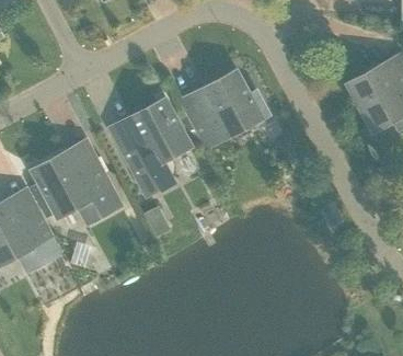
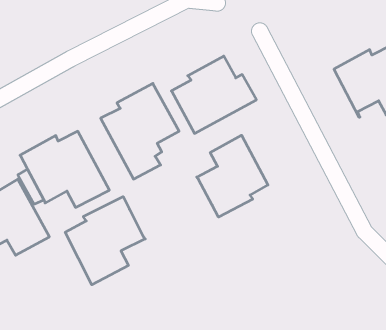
building: none -> [197,135,268,217]
building: none -> [65,197,145,285]

